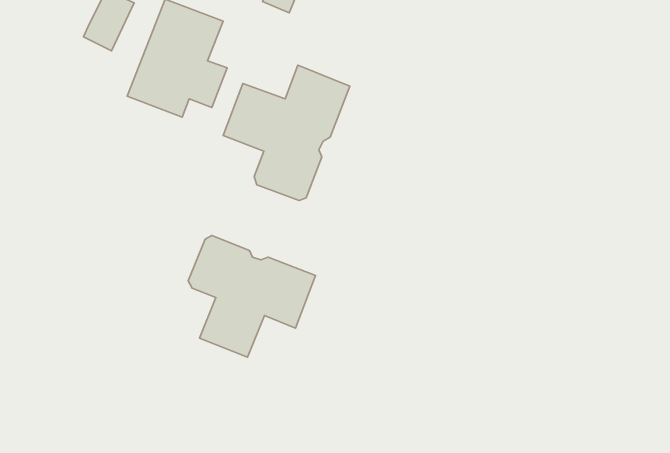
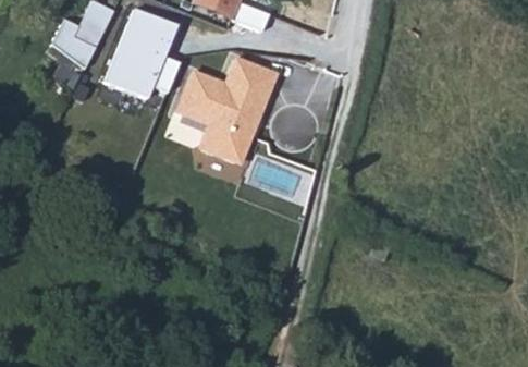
building: none -> [51,20,95,69]
building: [188,236,315,357] -> none

